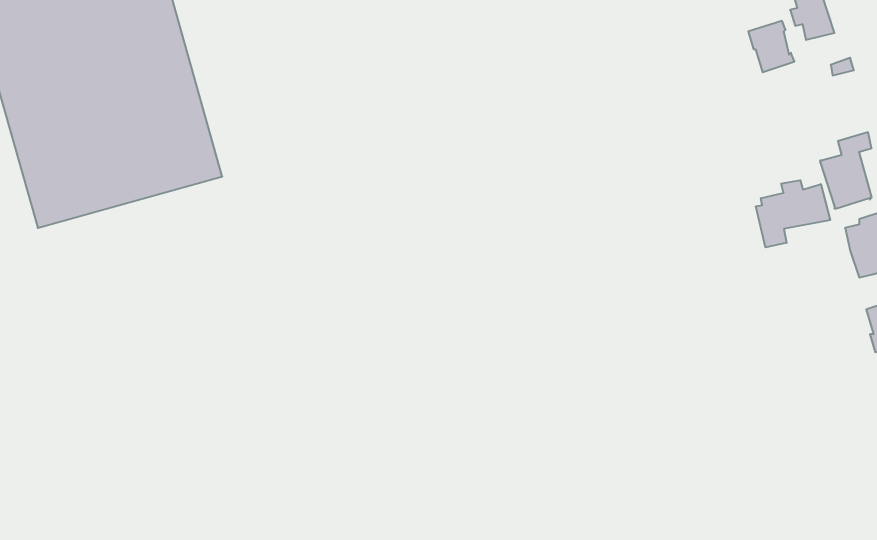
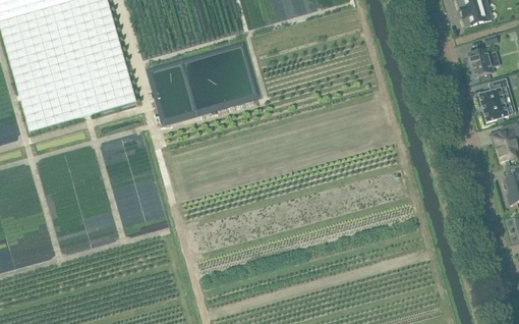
building: [748,21,794,72] -> [467,47,494,76]
building: [756,180,830,247] -> none

